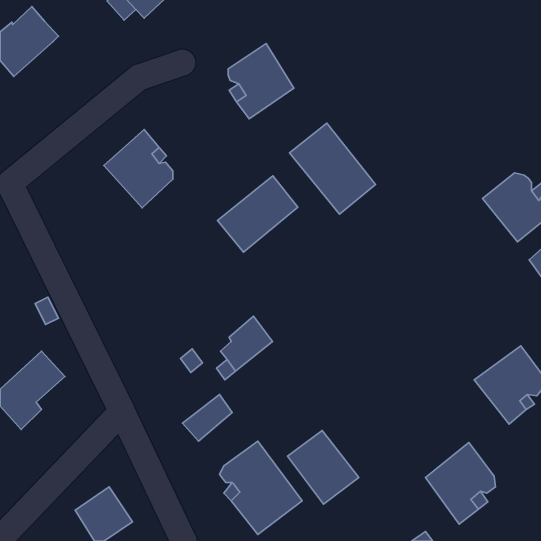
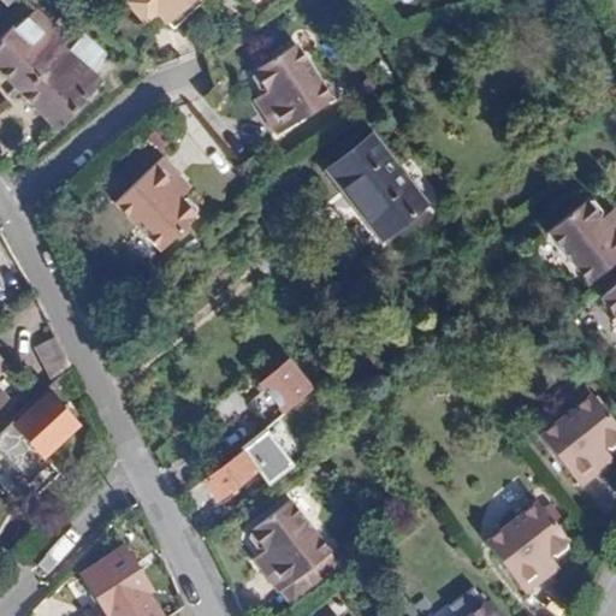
building: none -> [17,34,108,130]
building: [218,176,298,252] -> none
building: none -> [250,430,300,480]
building: [287,430,359,504] -> none

